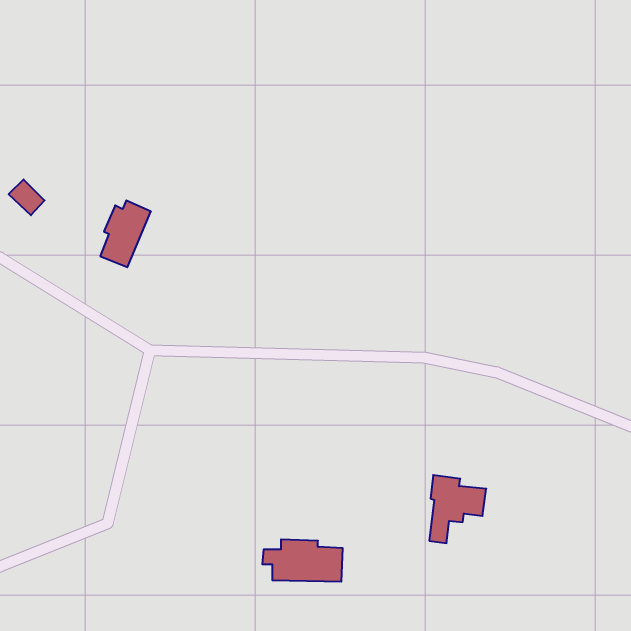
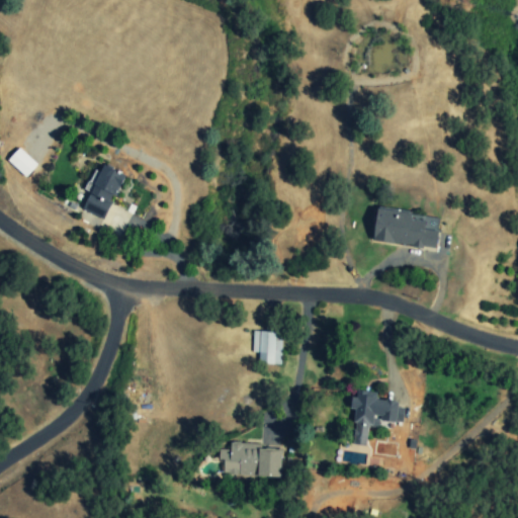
building: none -> [373,207,438,247]
building: none -> [253,331,282,363]

